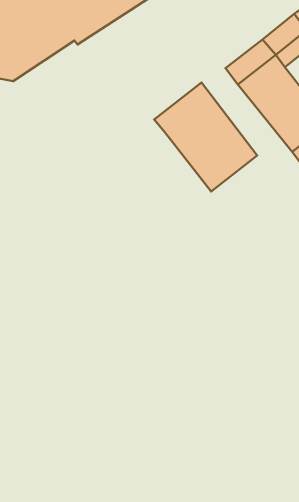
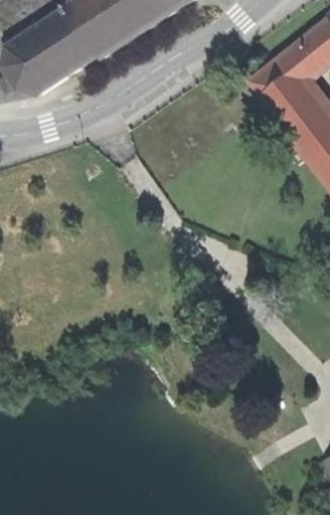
building: [154,82,257,192] -> none

